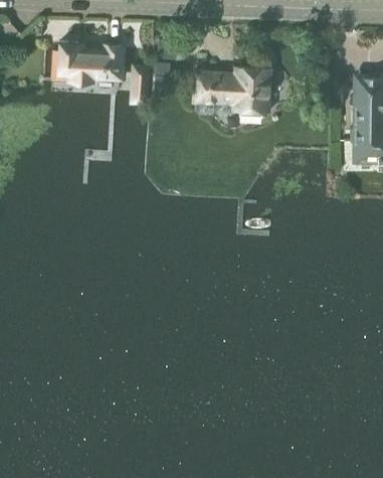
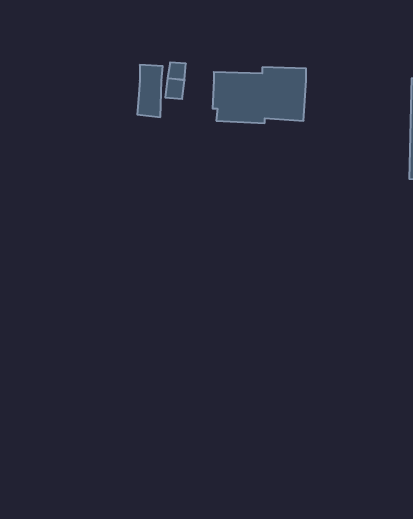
building: [53,39,123,81] -> none

